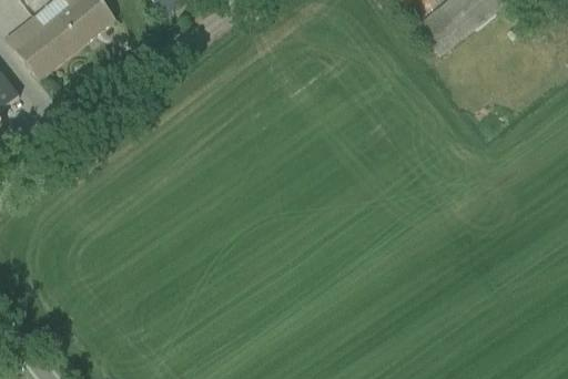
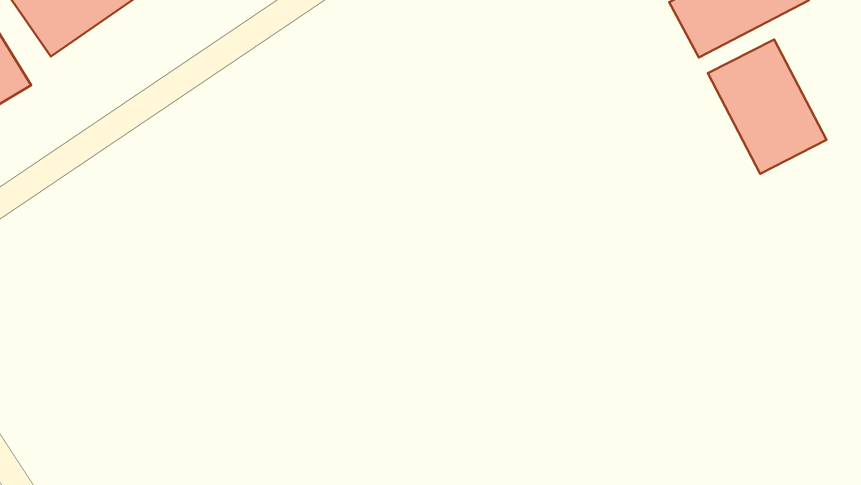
building: none -> [708,39,827,174]

